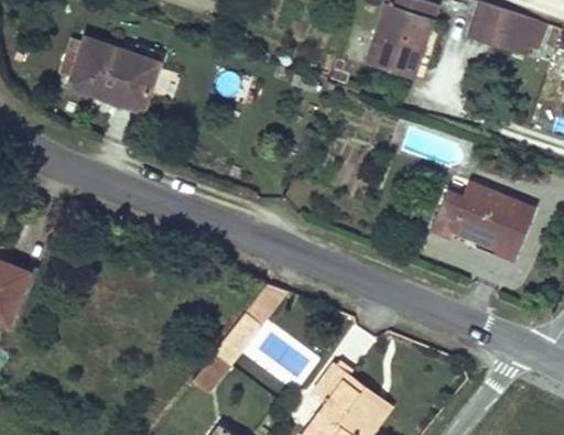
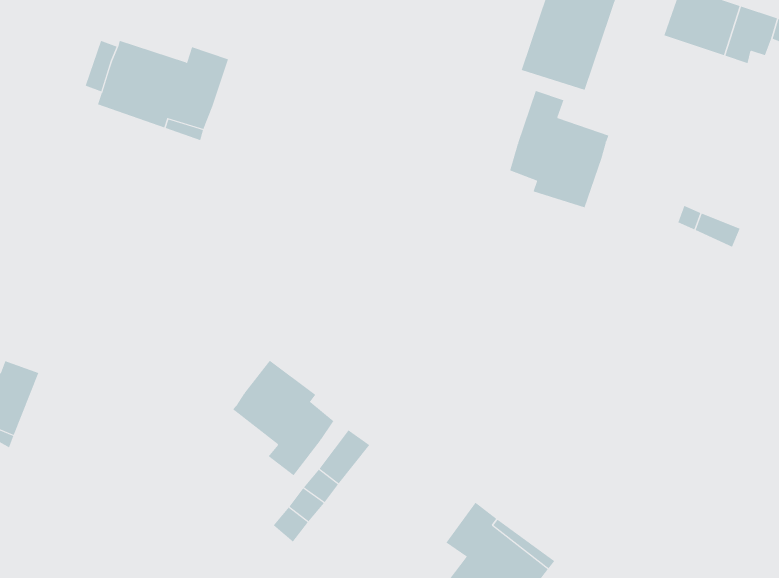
building: none -> [509,90,609,208]
building: [432,184,533,259] -> none
building: none -> [232,360,334,476]

